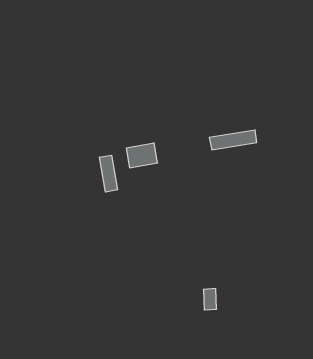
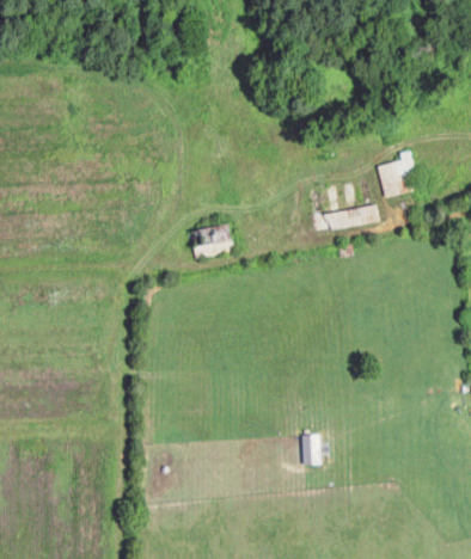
building: none -> [379,150,420,197]
building: [99,155,118,192] -> none

